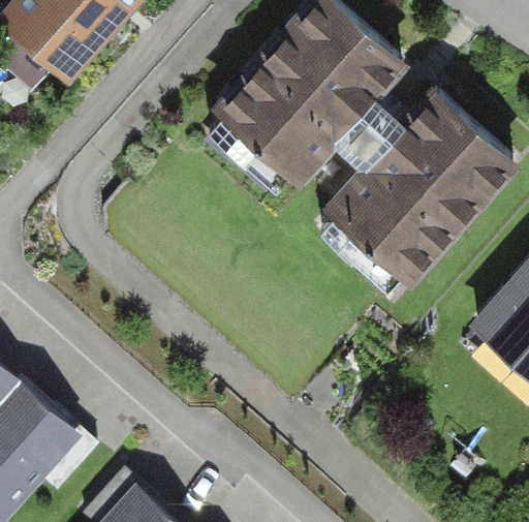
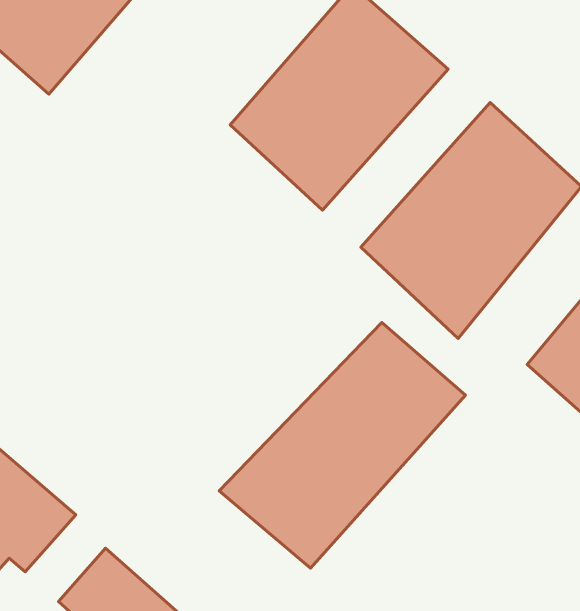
building: none -> [219,322,466,568]

